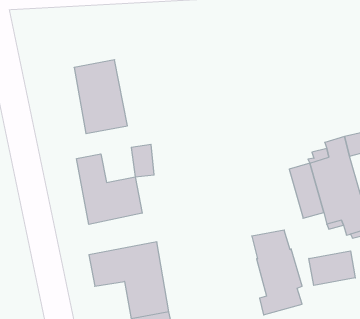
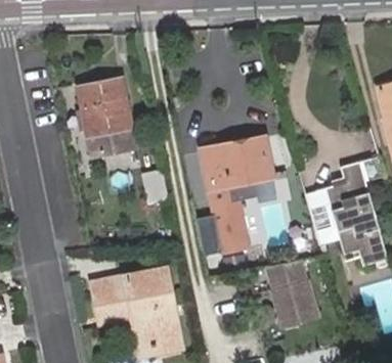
building: none -> [200,135,270,249]
building: [77,154,142,224] -> none
building: [309,251,355,285] -> none

